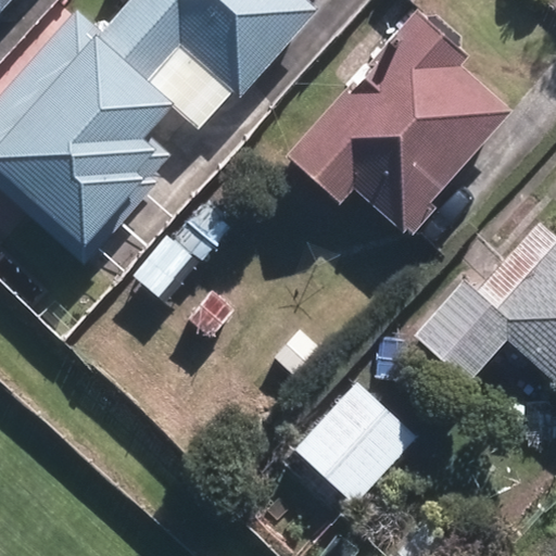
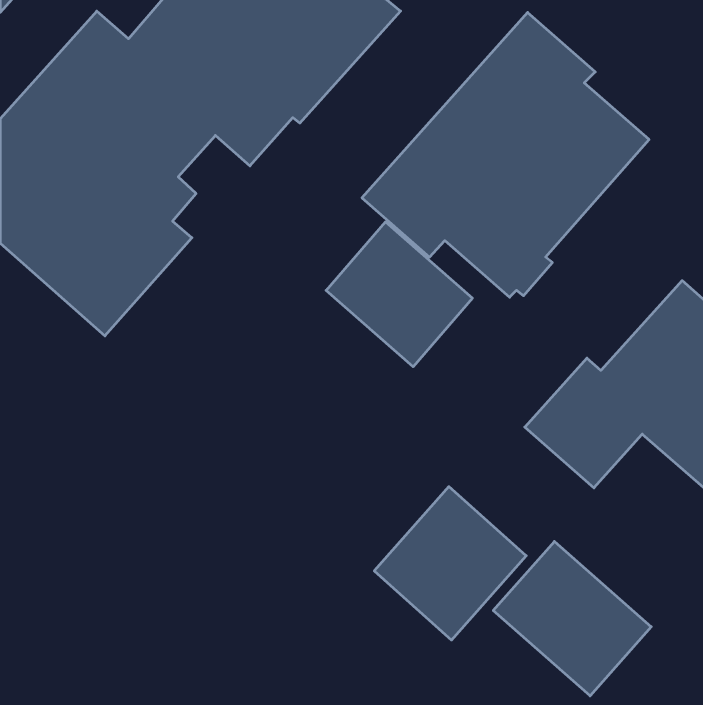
building: none -> [326,222,472,367]
building: none -> [493,541,651,696]

